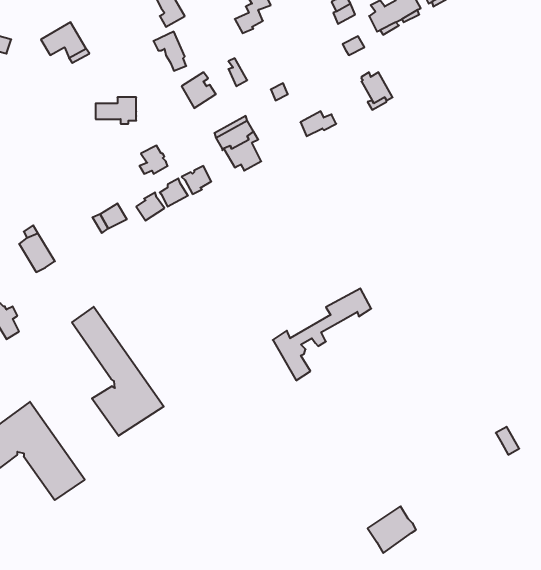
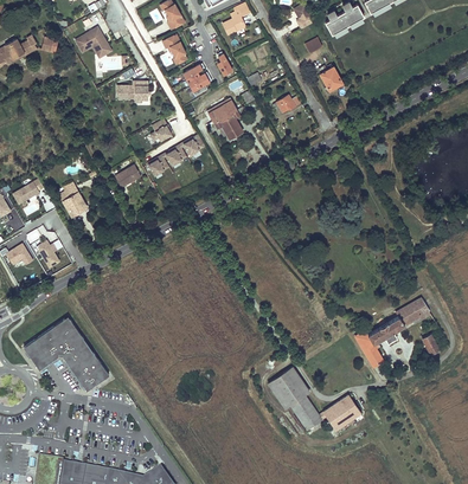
building: [273,288,371,380] -> [354,298,429,368]
building: [72,307,164,436] -> none
building: none -> [268,366,321,430]

